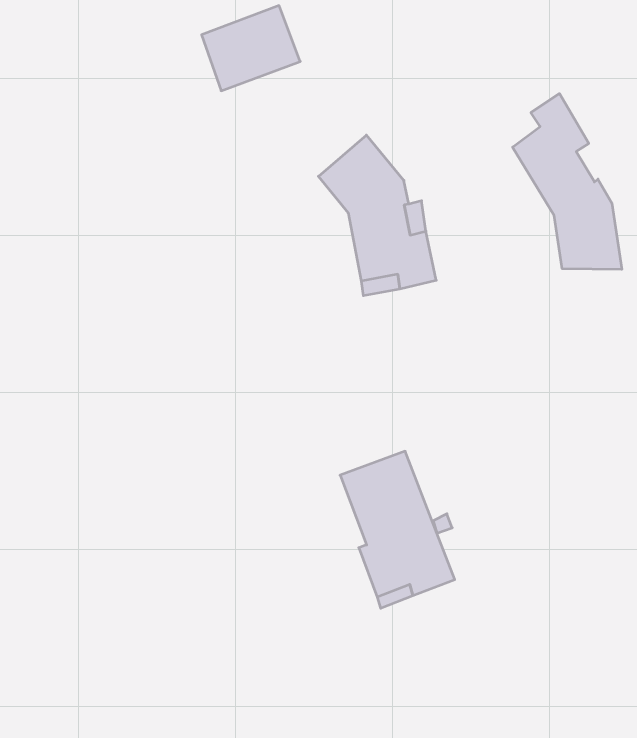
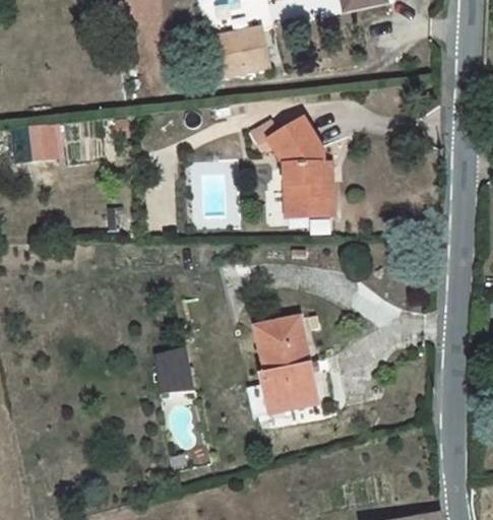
building: [513,94,622,269] -> none
building: none -> [153,348,193,391]

